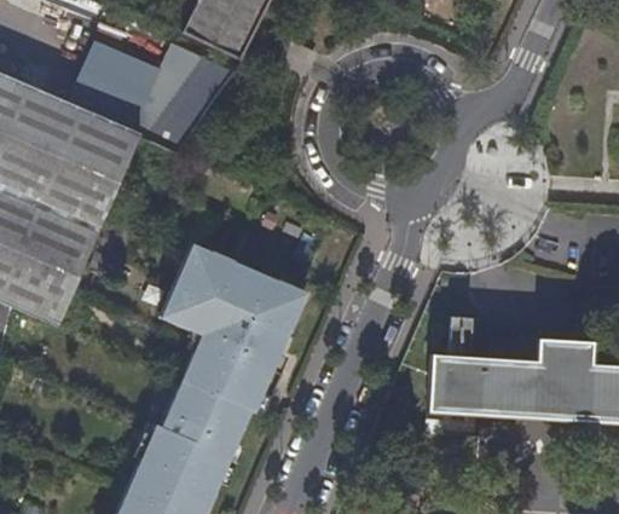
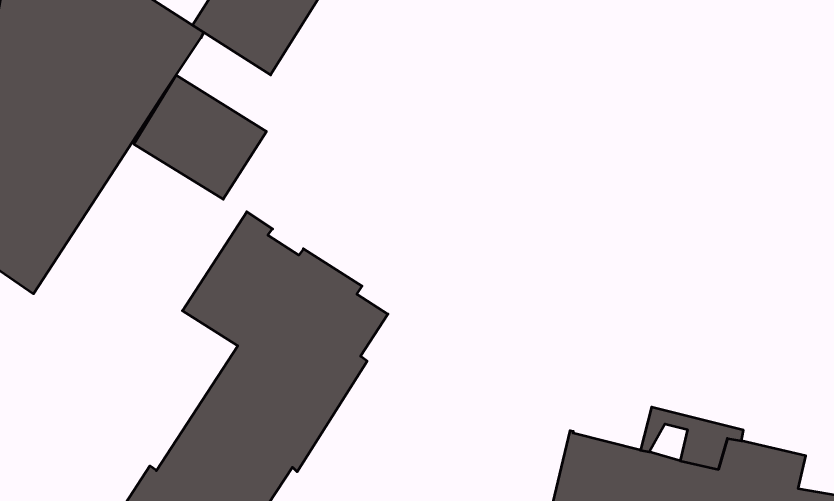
building: none -> [134,75,266,199]

